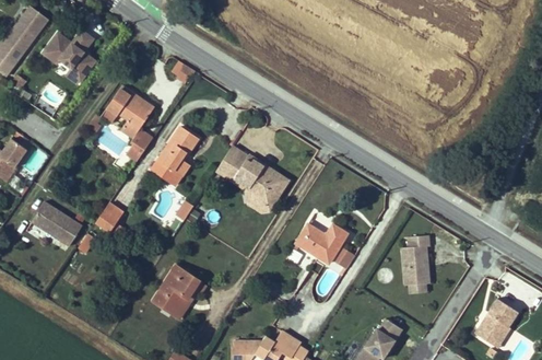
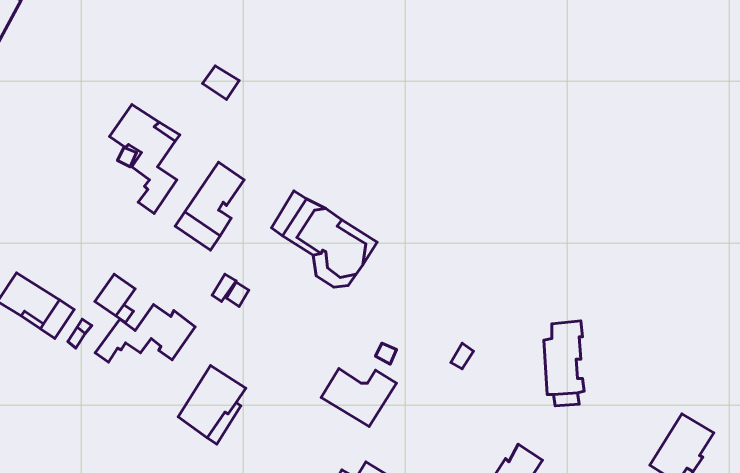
building: [38,28,97,84] -> none
building: none -> [95,304,195,362]
building: [296,223,347,263] -> [321,369,396,426]

